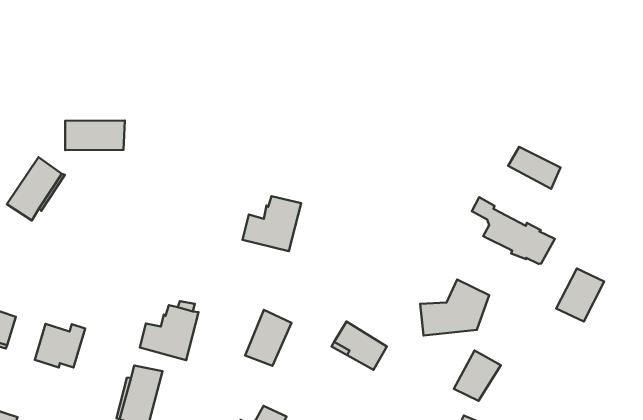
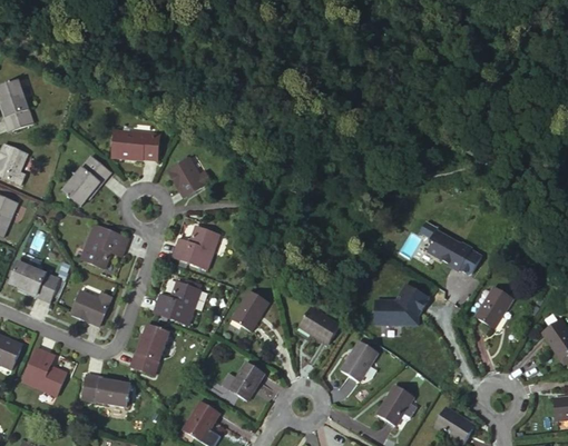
building: none -> [168,153,214,195]
building: [508,147,561,189] -> none
building: [243,196,301,251] -> [173,225,221,268]
building: none -> [81,222,129,266]
building: [454,350,501,401] -> [342,344,380,383]

